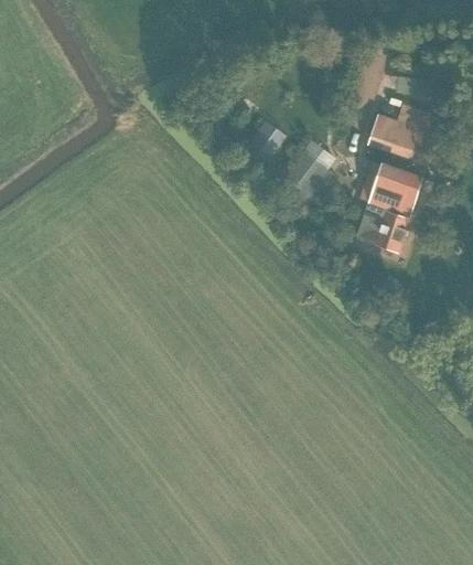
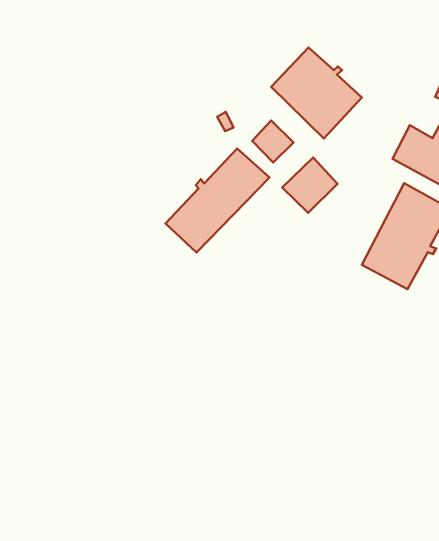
building: none -> [271,47,362,138]
building: none -> [166,148,270,252]

